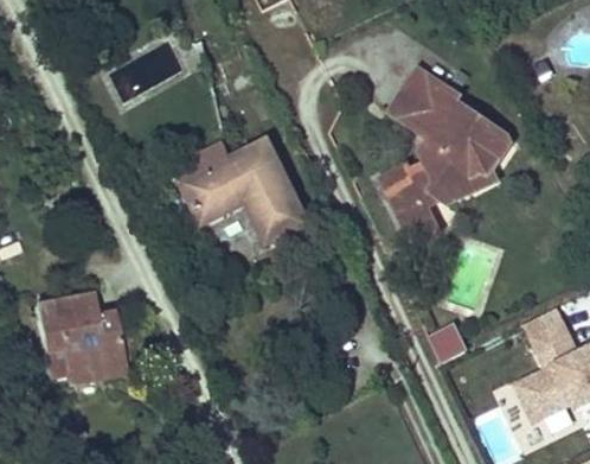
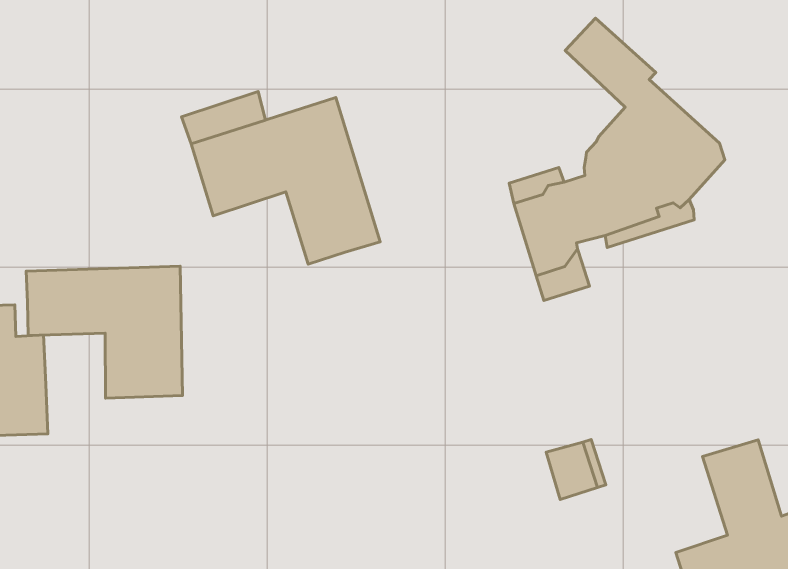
building: [389,90,443,139] -> none
building: none -> [26,266,182,398]

